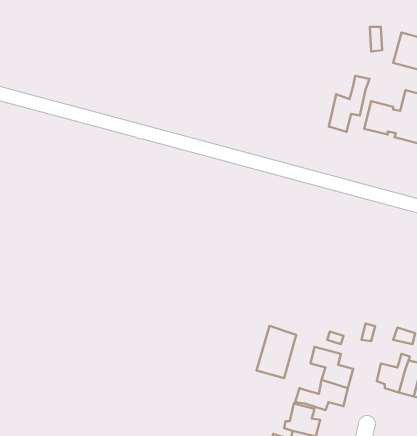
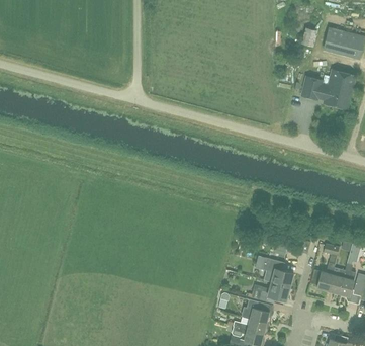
building: [329,76,369,132] -> none
building: [257,326,296,378] -> none

